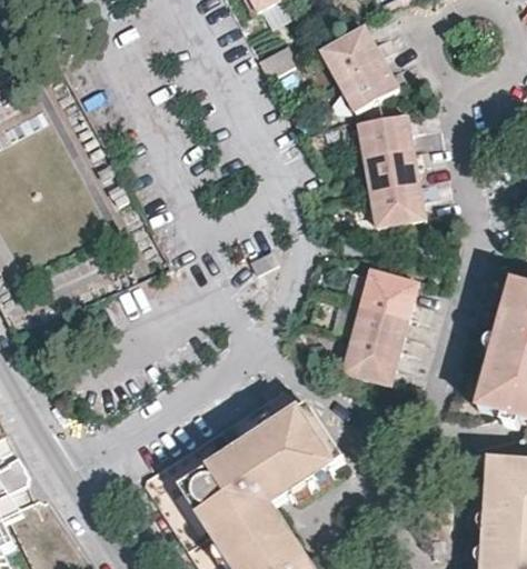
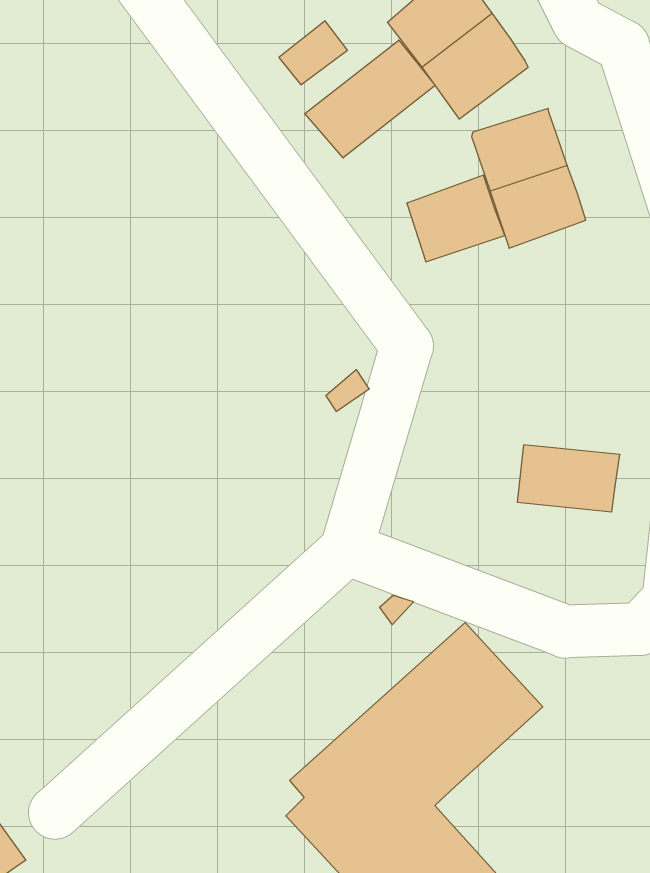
building: none -> [305,40,435,158]
building: [368,181,421,226] -> [407,175,505,262]
building: [358,269,420,319] -> none
building: [339,337,402,385] -> none

